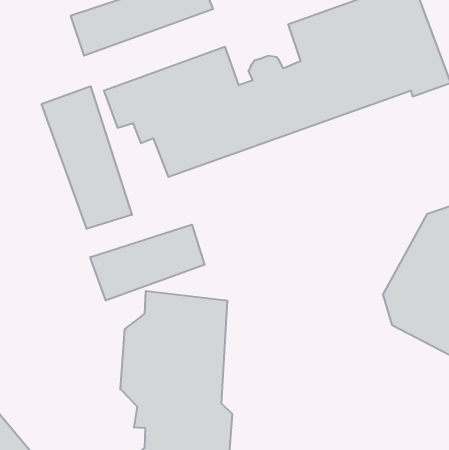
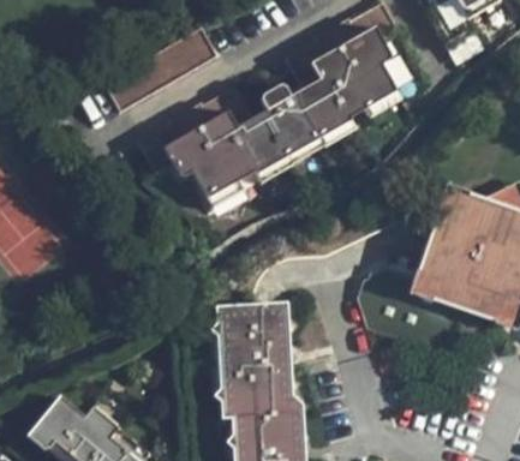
building: [42,86,132,229] -> none
building: [90,225,205,301] -> none

